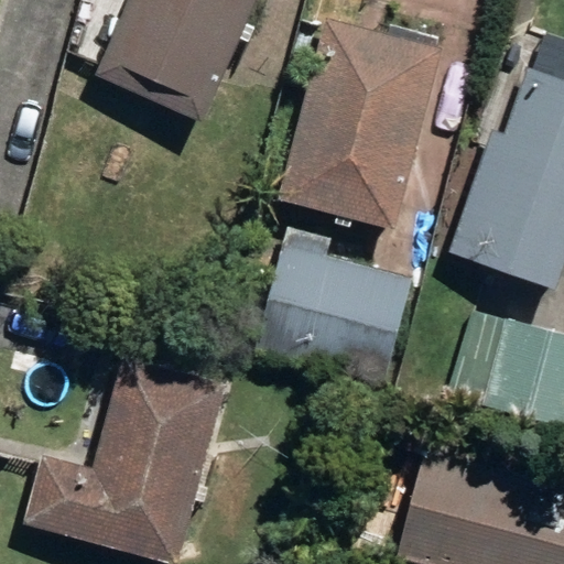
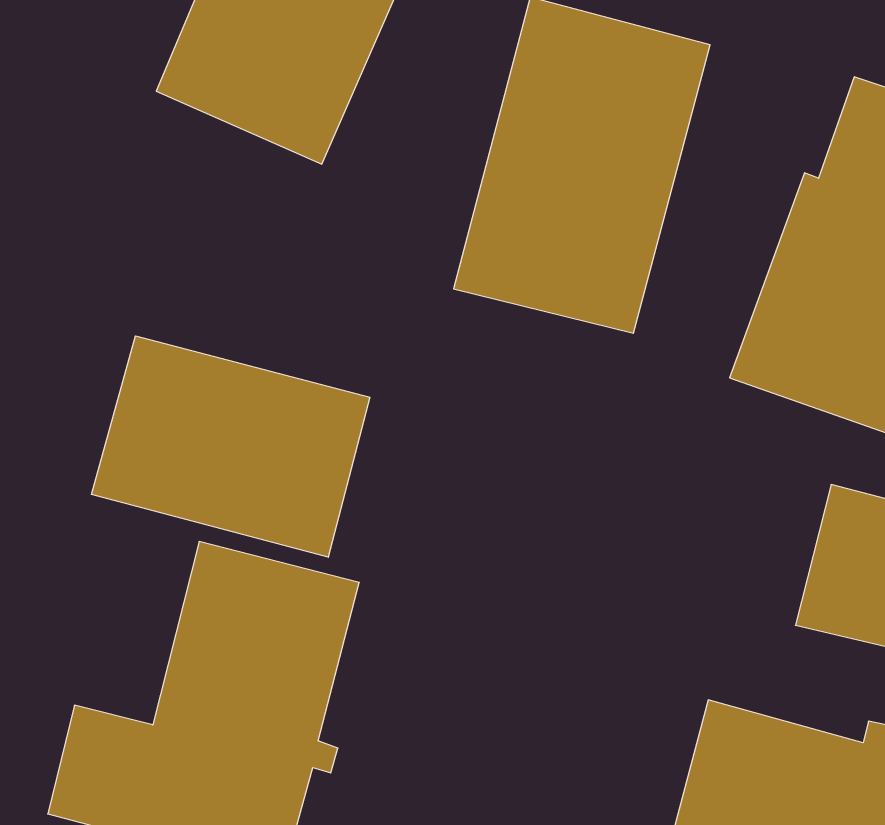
building: [261,225,414,381] -> none
building: none -> [91,336,370,557]

